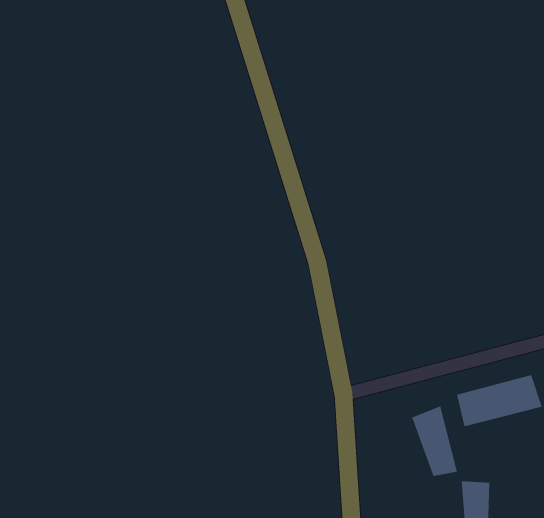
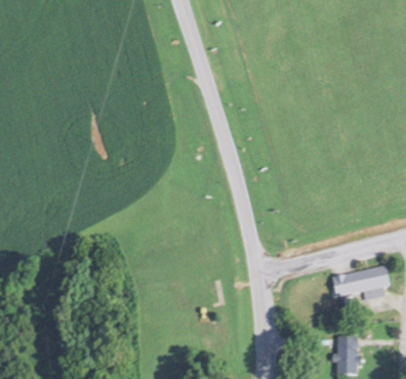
building: [412,405,457,477] -> none

